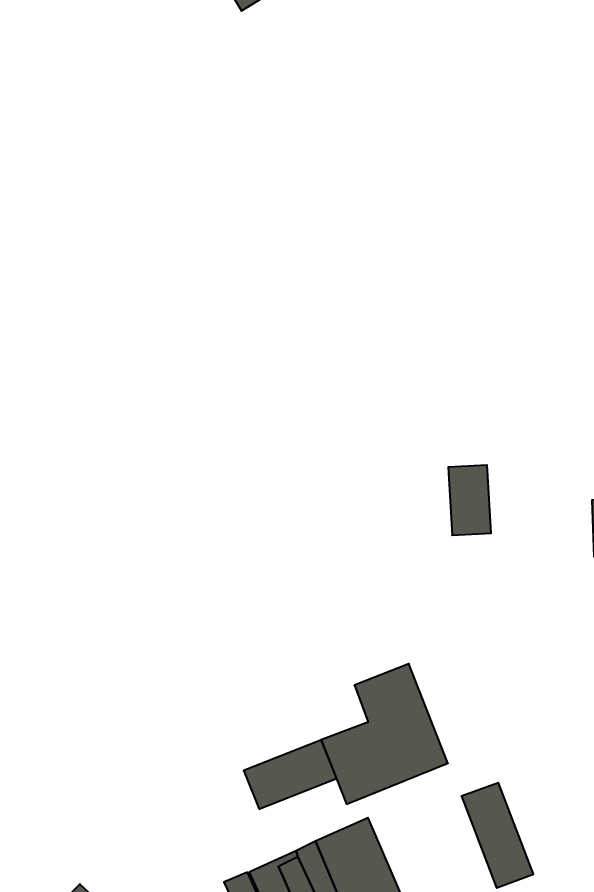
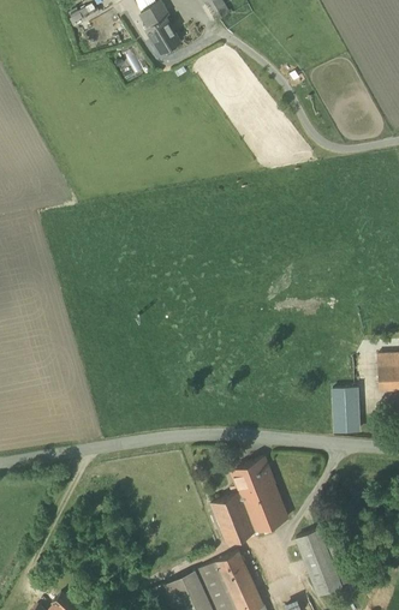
building: [448,465,491,535] -> [333,389,359,432]
building: [244,740,337,809] -> none

